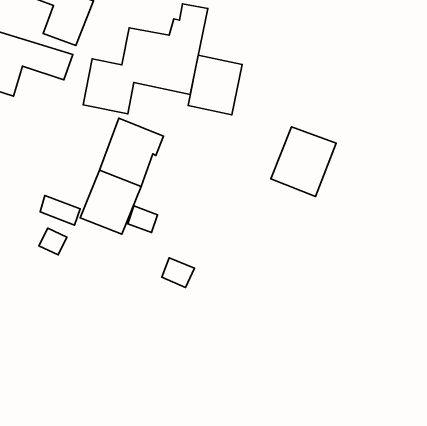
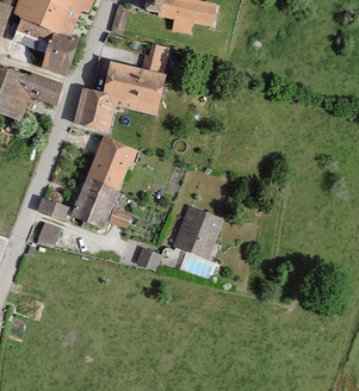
building: [188,55,242,115] -> none
building: [271,127,336,196] -> [171,204,223,260]

